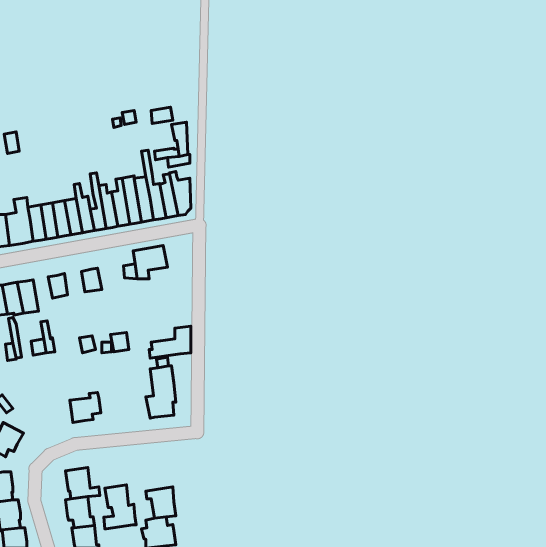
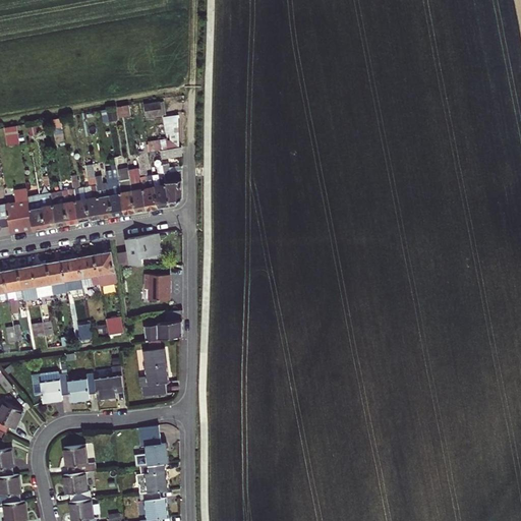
building: none -> [93,252,115,286]
building: none -> [61,258,82,291]
building: none -> [32,264,51,297]
building: none -> [143,276,168,300]
building: none -> [94,366,123,400]
building: none -> [31,371,68,403]
building: [104,485,136,529] -> [136,425,167,467]

